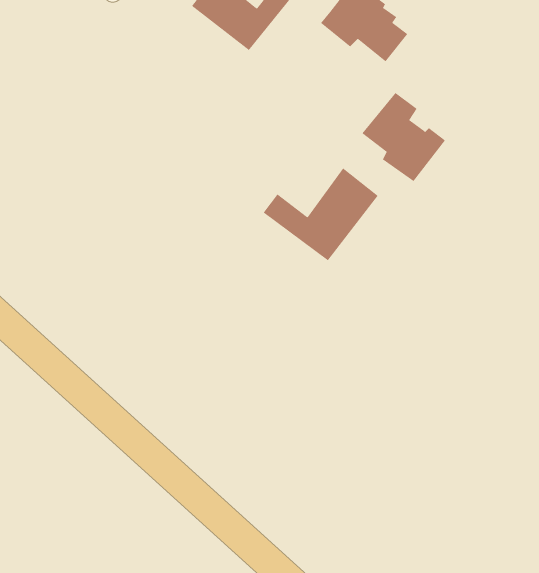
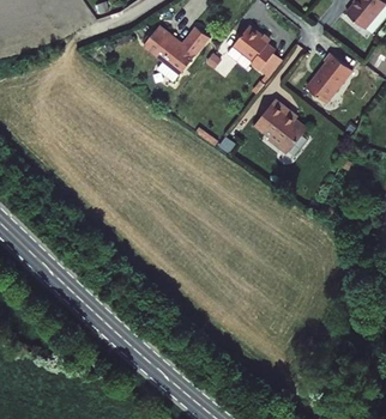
building: none -> [310,50,356,102]
building: [263,168,379,261] -> none

